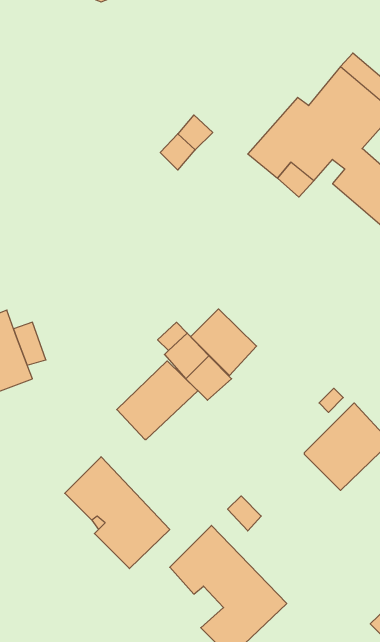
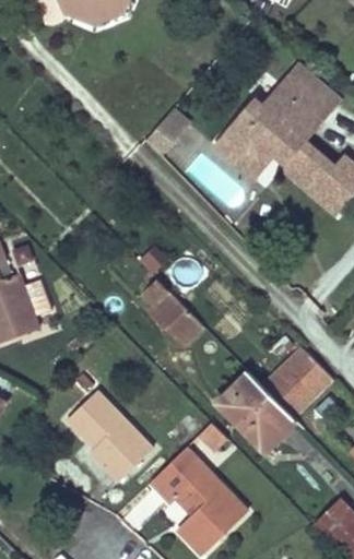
building: [191,309,257,375] -> none
building: [117,361,198,440] -> none
building: none -> [215,372,291,448]

